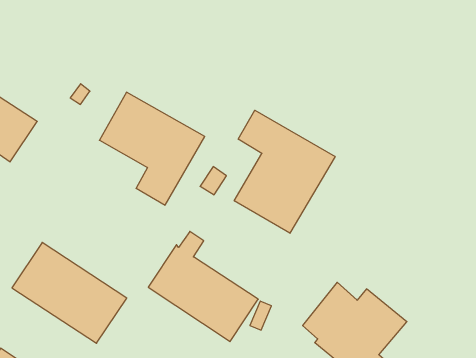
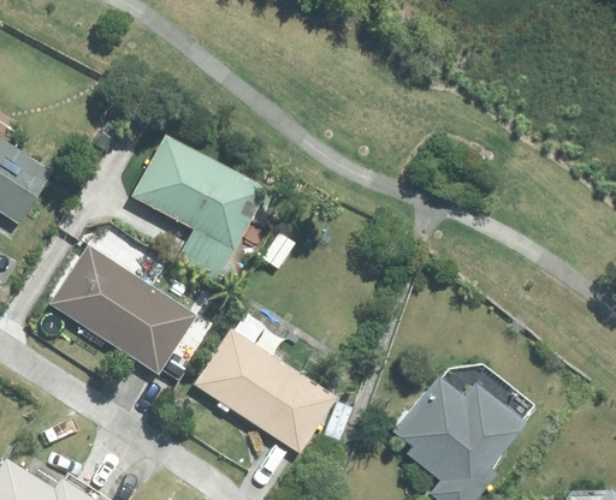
building: [234,110,335,233] -> none
building: [12,242,127,343] -> [49,244,196,373]

